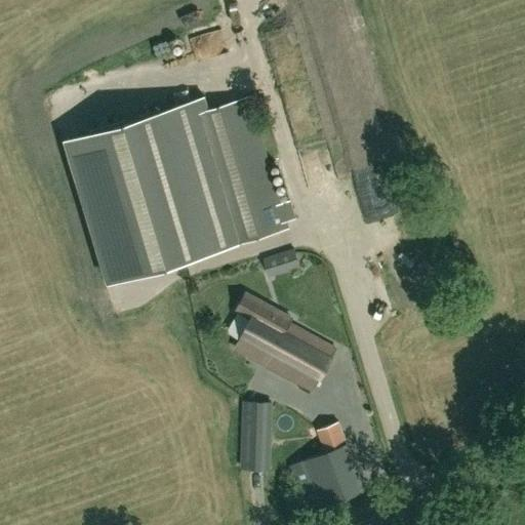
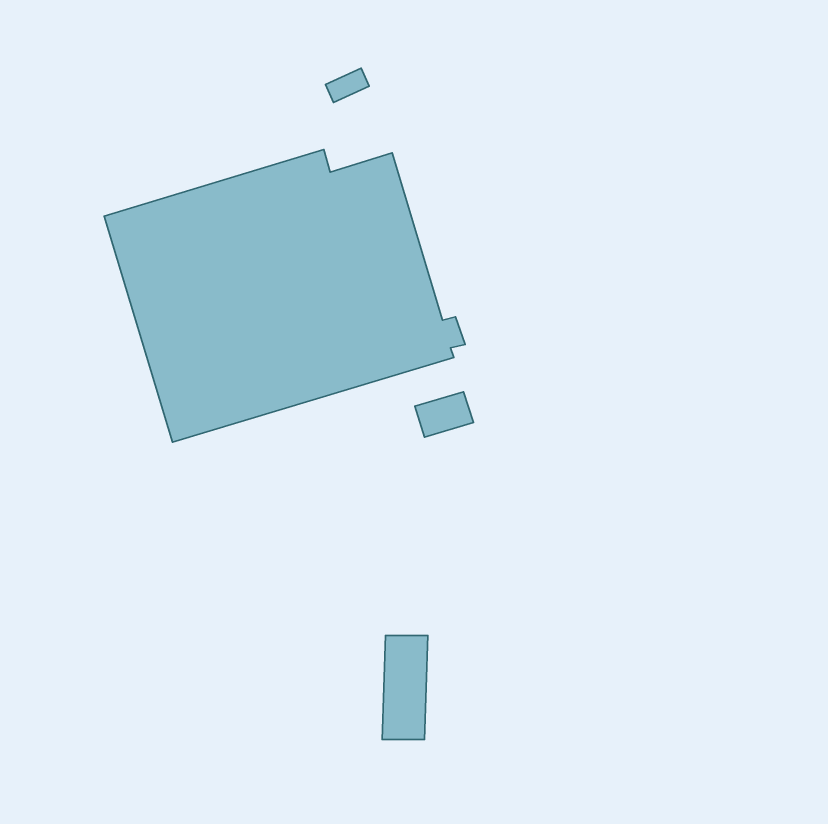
building: [234,295,333,393] -> none
building: [289,425,362,514] -> none

